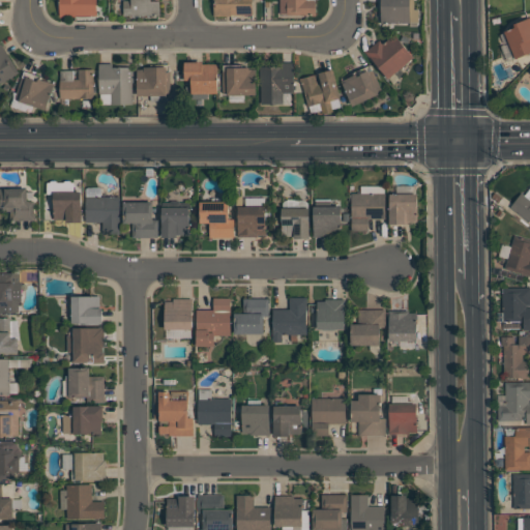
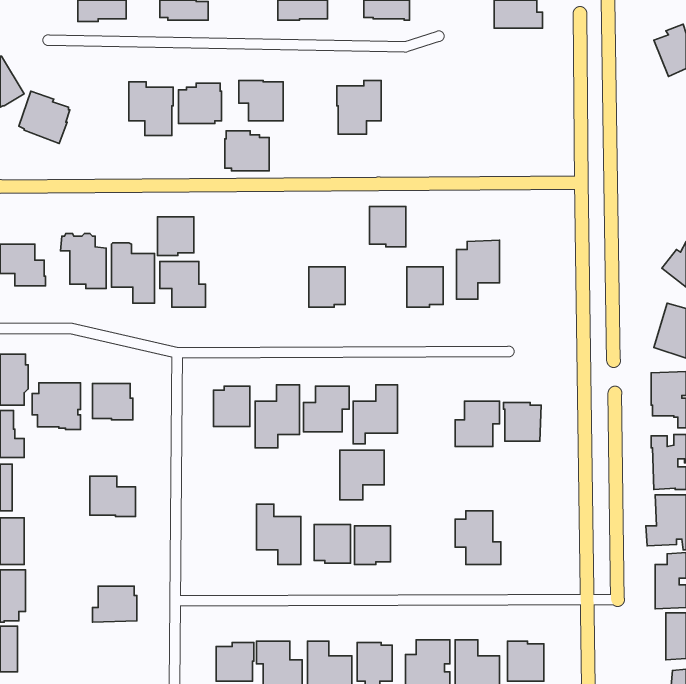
building: [365,35,414,80] -> none
building: [223,65,257,96] -> [225,131,269,171]
building: [342,66,382,107] -> none
building: [60,70,93,99] -> none
building: [300,70,341,115] -> none
building: [389,195,417,226] -> none
building: [200,202,234,238] -> none
building: [161,208,189,238] -> [158,217,194,256]
building: [282,208,310,239] -> [370,207,406,247]
building: [317,300,346,330] -> none
building: [67,328,105,364] -> [32,383,80,430]
building: [154,392,194,437] -> none
building: [388,396,417,436] -> none
building: [312,399,346,437] -> [340,450,384,500]
building: [63,407,104,435] -> none
building: [67,485,105,520] -> none

